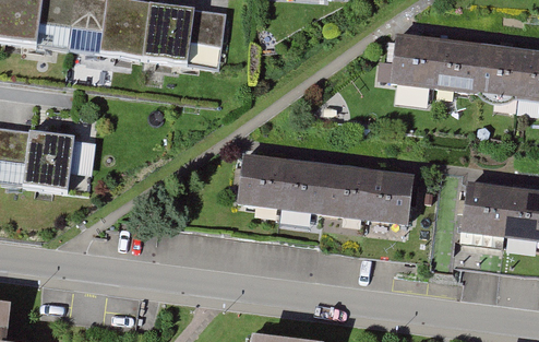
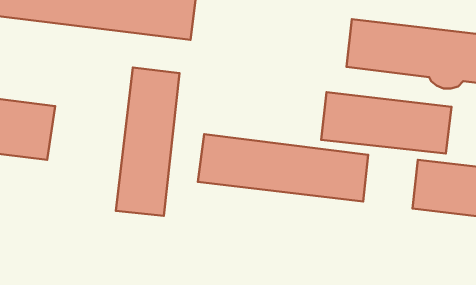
building: none -> [116,67,179,216]
building: none -> [321,92,452,154]

